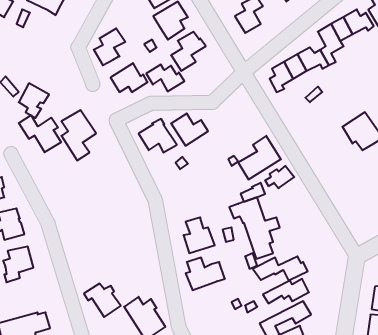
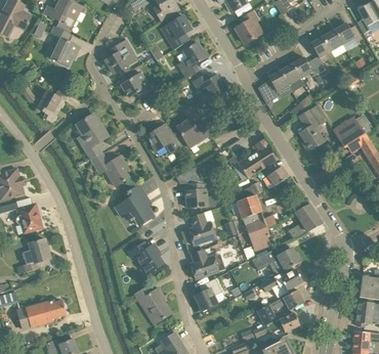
building: none -> [50,26,80,67]
building: [146,65,184,91] -> [193,74,227,98]
building: none -> [299,105,327,150]
building: [19,115,61,152] -> [90,153,129,187]
building: none -> [113,184,154,225]
building: none -> [185,184,215,208]
building: none -> [288,204,323,239]
building: [84,284,121,317] -> [129,242,163,273]
building: none -> [194,278,221,311]

